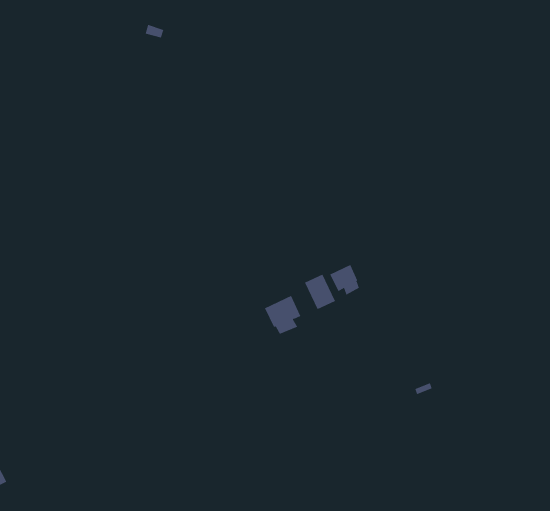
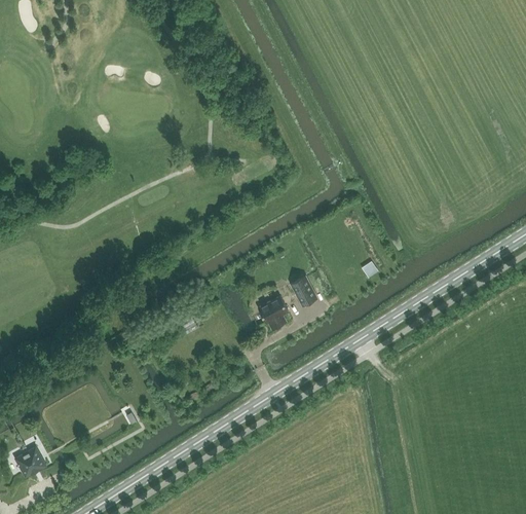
building: [330,264,360,296] -> none

